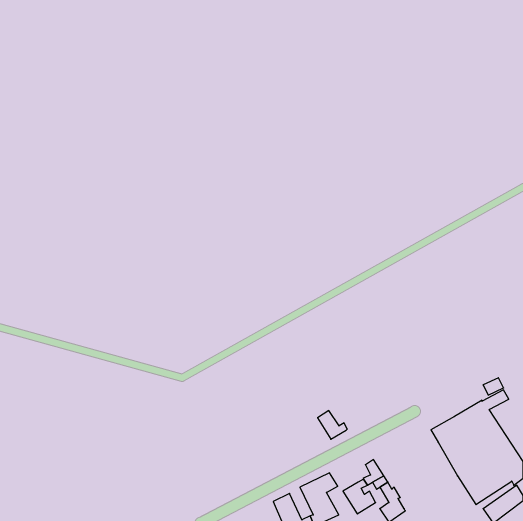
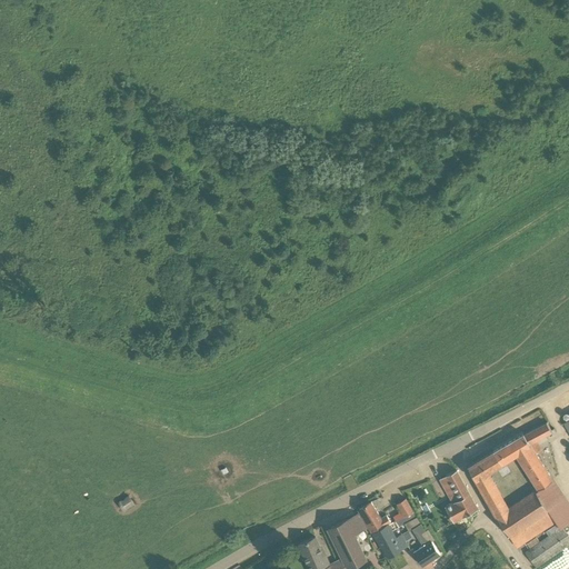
building: [318,411,347,439] -> [358,505,390,536]
building: none -> [439,472,478,525]

